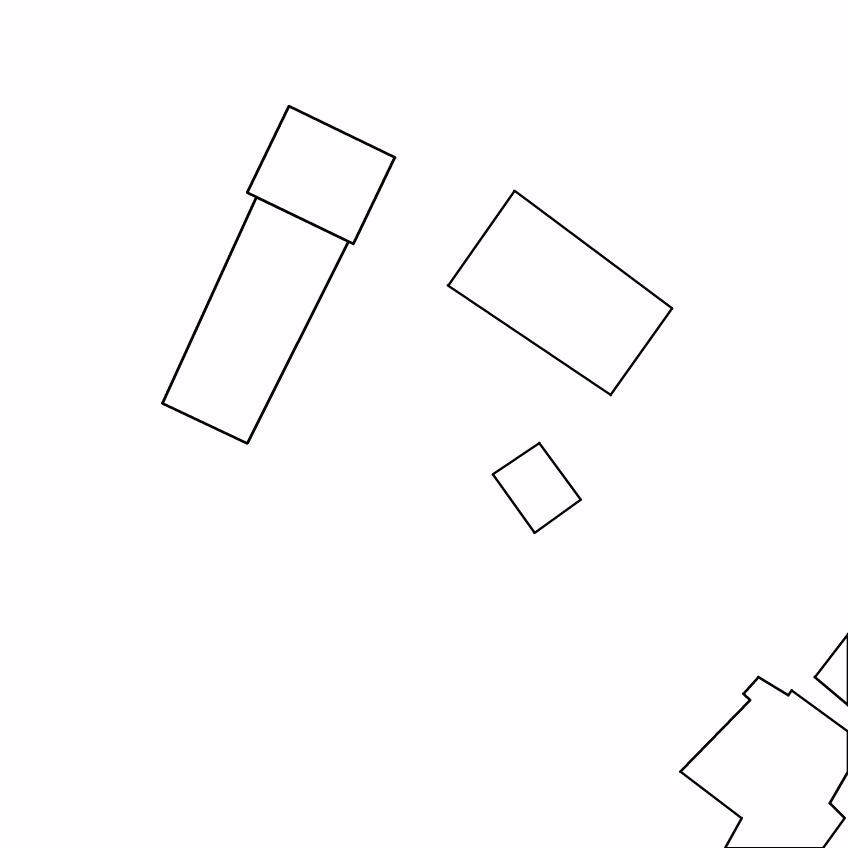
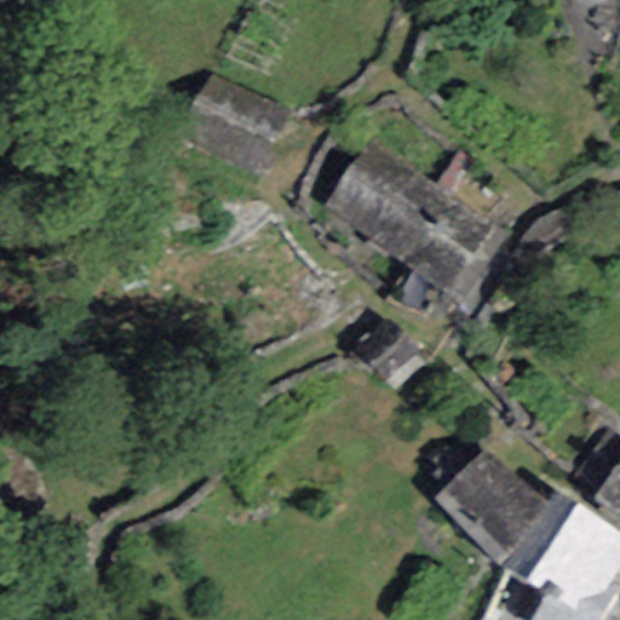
building: [162,197,349,443] -> none
building: none -> [434,449,547,563]

